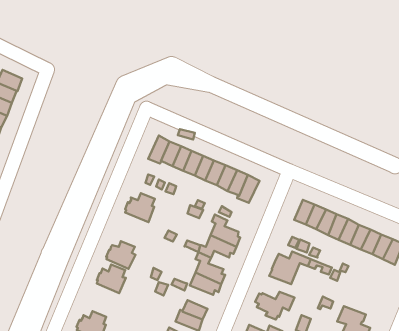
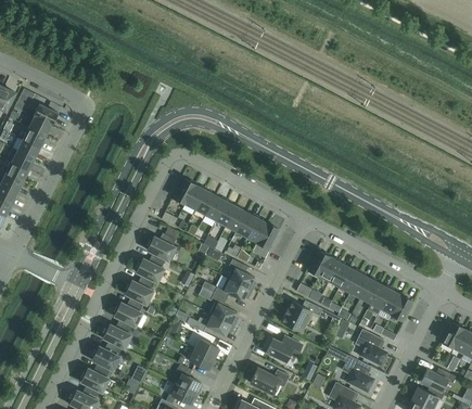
building: none -> [136,254,164,282]
building: none -> [356,329,386,365]
building: none -> [102,320,131,348]

